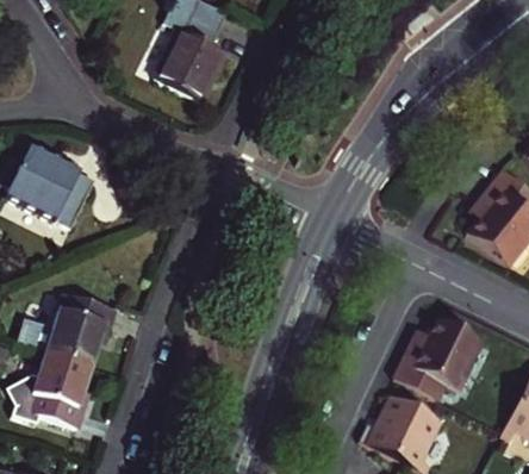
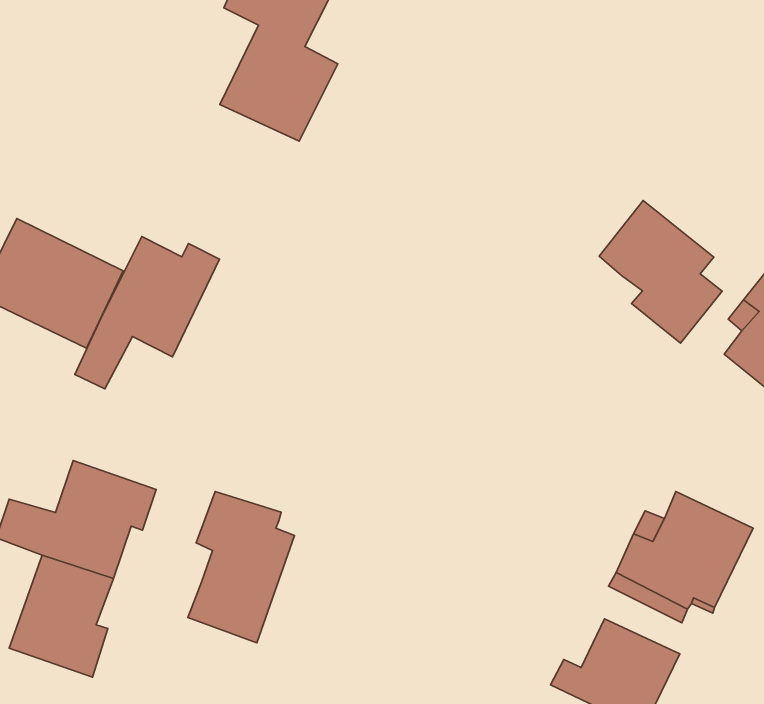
building: none -> [599,200,722,343]
building: none -> [75,236,219,389]
building: none -> [188,491,294,643]

